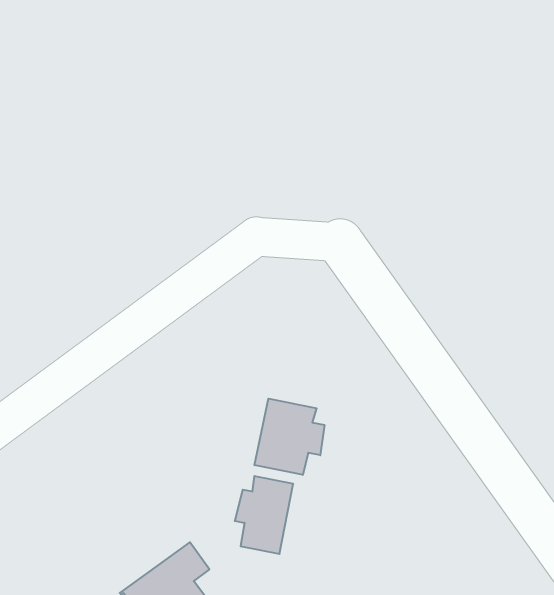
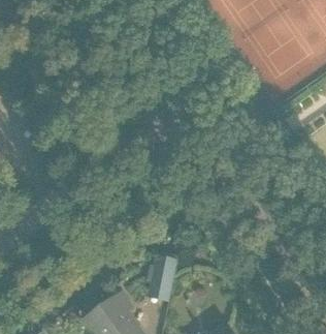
building: [255,399,324,475] -> none

